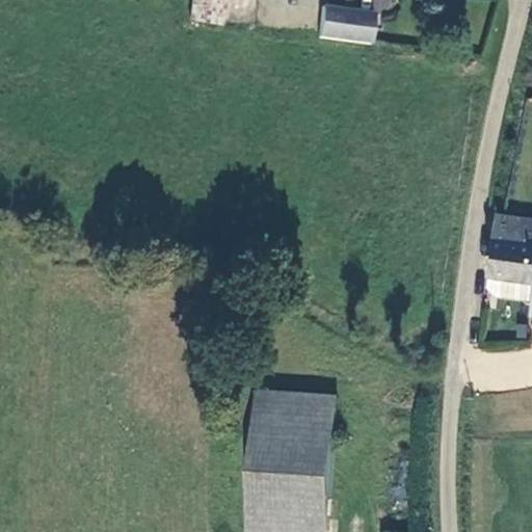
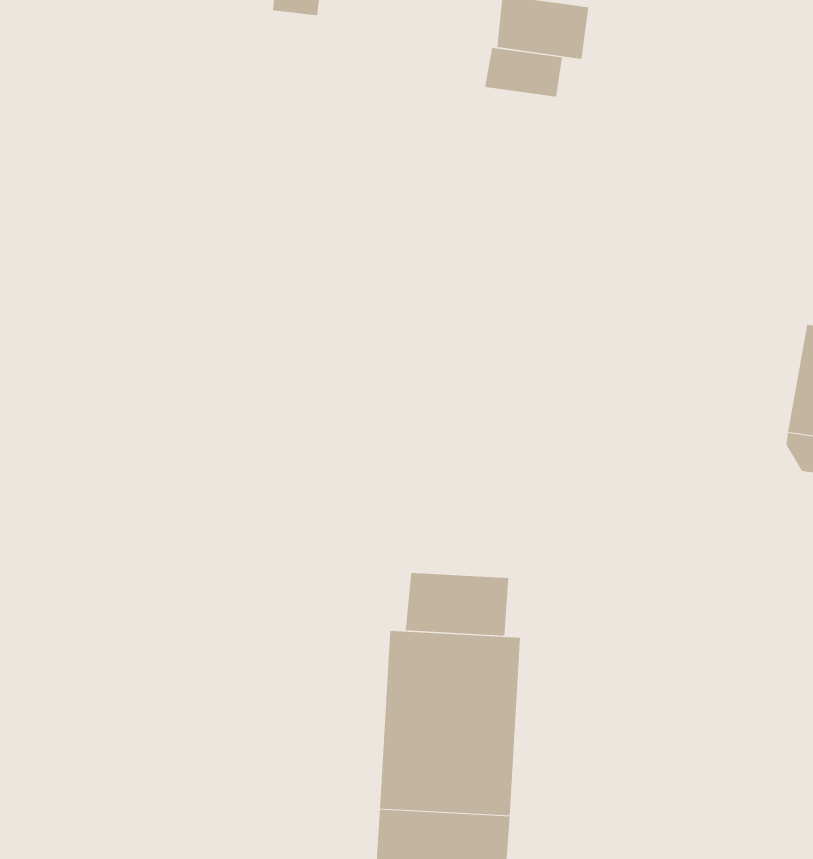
building: none -> [485,47,563,97]
building: none -> [405,572,509,637]

